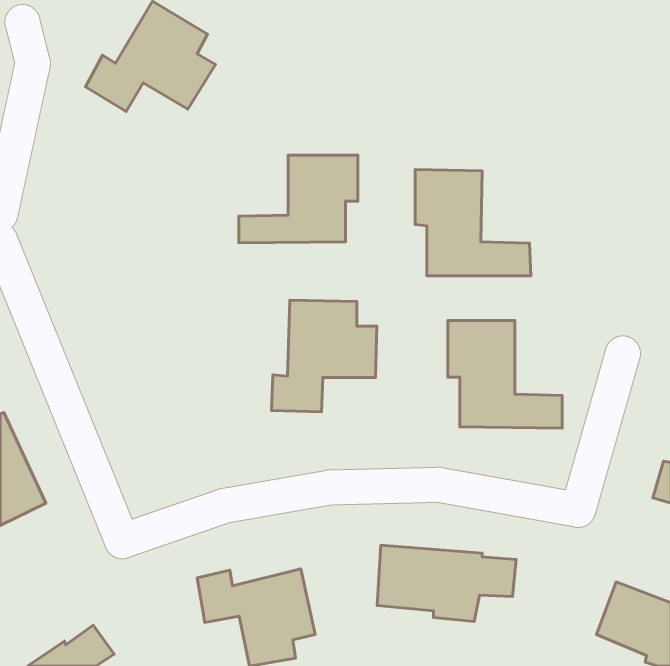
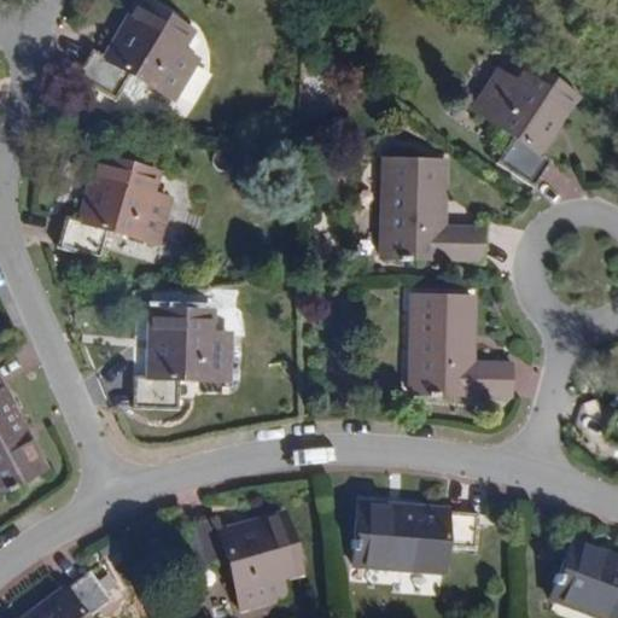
building: none -> [474,60,577,187]
building: [239,155,358,243] -> none
building: none -> [53,156,167,260]
building: [272,300,377,412] -> [134,310,231,413]

